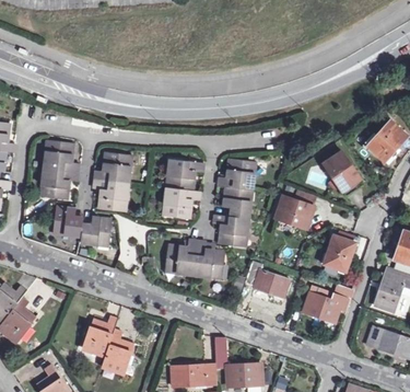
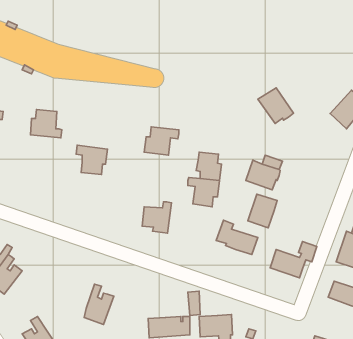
building: [321,151,360,189] -> [258,88,294,123]
building: [94,152,129,184] -> none
building: [218,159,253,189] -> none
building: [42,169,77,199] -> none
building: [164,187,200,219] -> none
building: [51,207,112,245] -> none
building: [323,235,354,272] -> [248,194,277,228]
building: [191,242,223,277] -> none
building: [82,316,116,356] -> none

